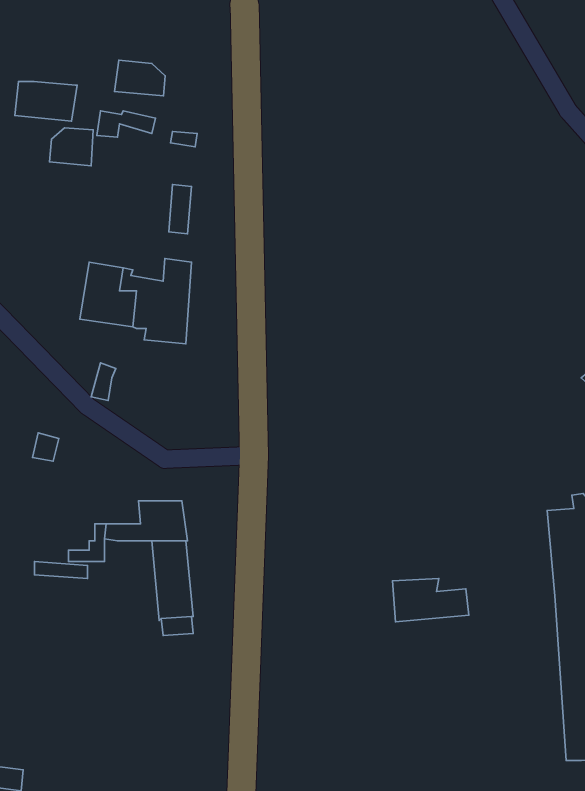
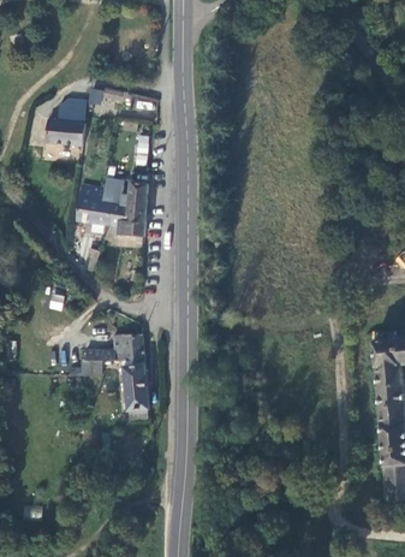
building: [115,60,165,96] -> none
building: [15,81,77,121] -> [46,119,85,144]
building: [392,578,469,622] -> none

